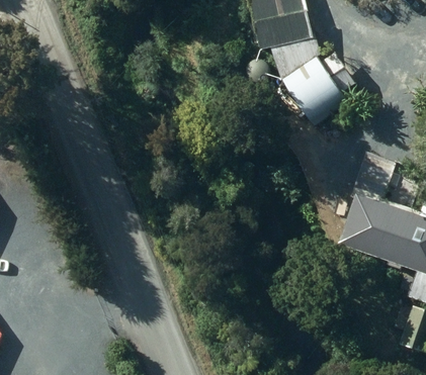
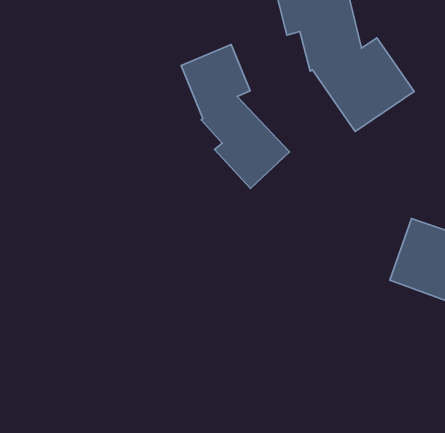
building: none -> [181,44,289,188]

